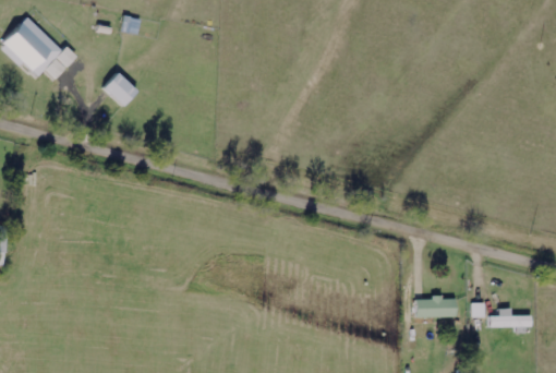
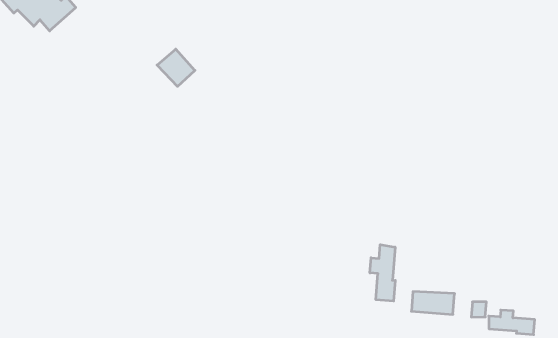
building: [101,72,137,107] -> [157,49,195,86]
building: none -> [370,245,395,301]

